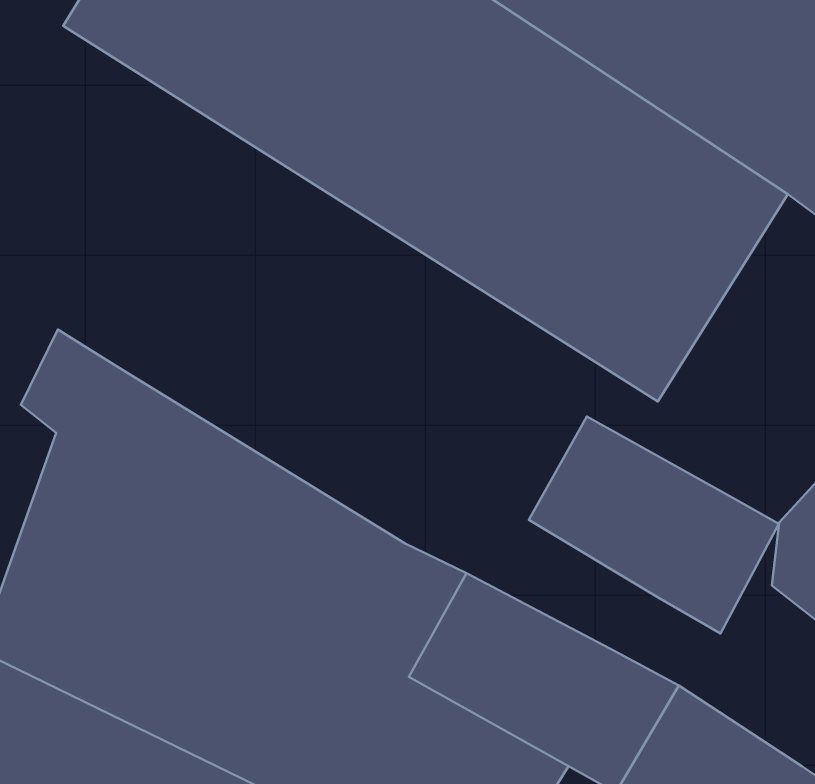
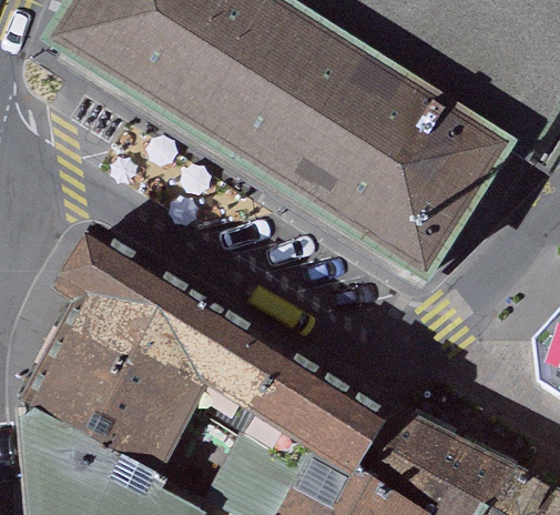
building: [529,417,779,634] -> none

